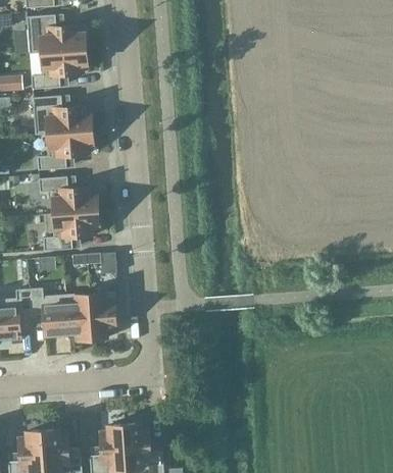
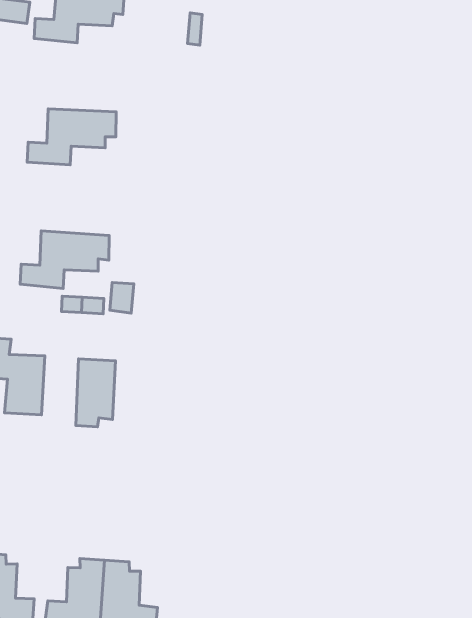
building: [32,96,91,134] -> none
building: [38,176,97,214] -> none
building: [65,295,92,340] -> none

